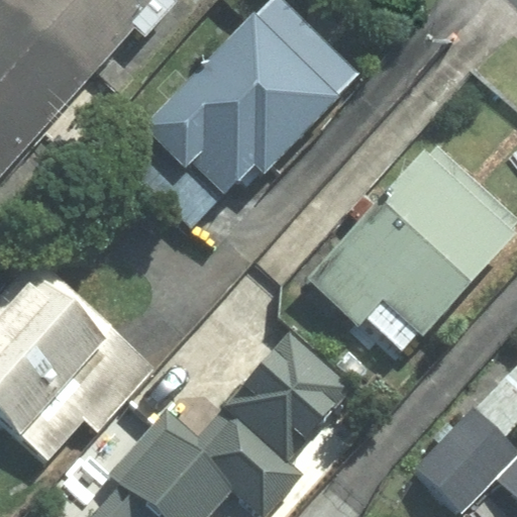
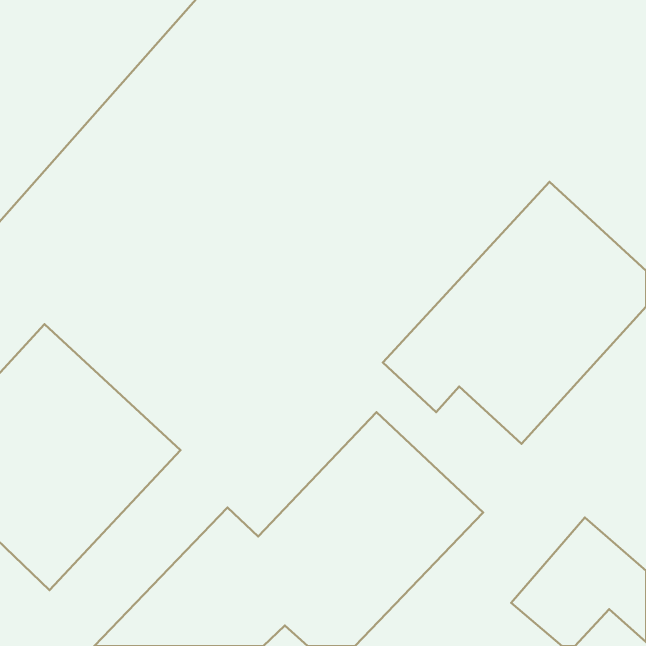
building: [125,12,308,196] -> none

